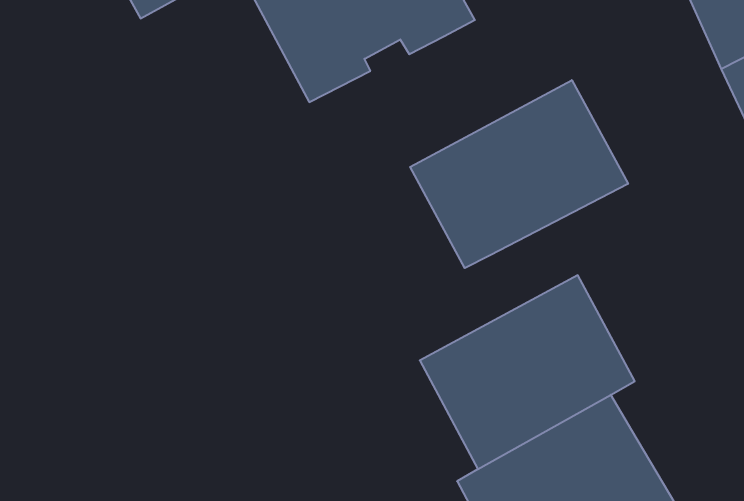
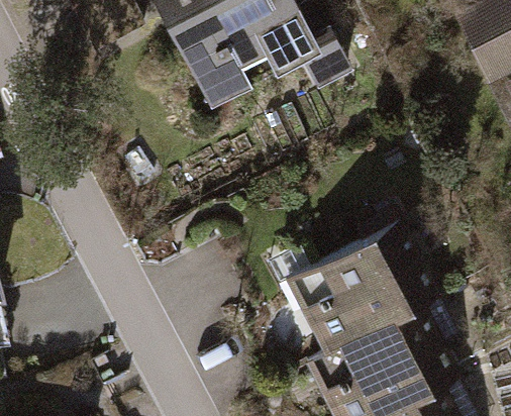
building: [410,80,628,268] -> none

